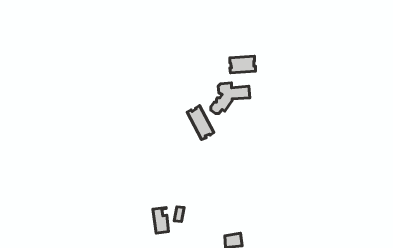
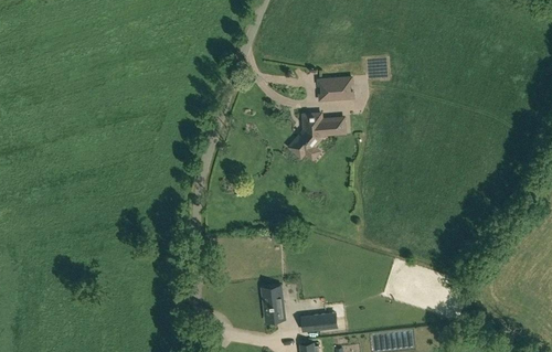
building: [187,105,214,139] -> none
building: [153,208,169,233] -> [262,287,283,321]

